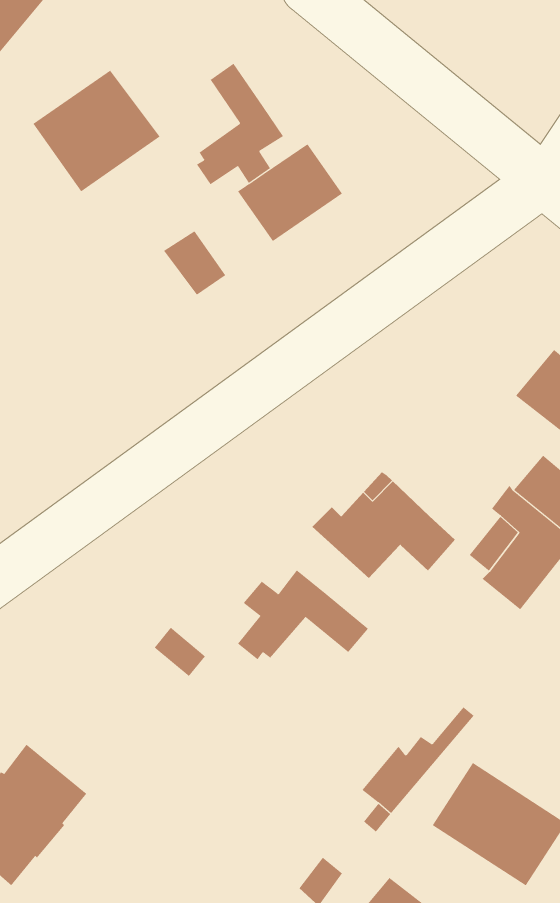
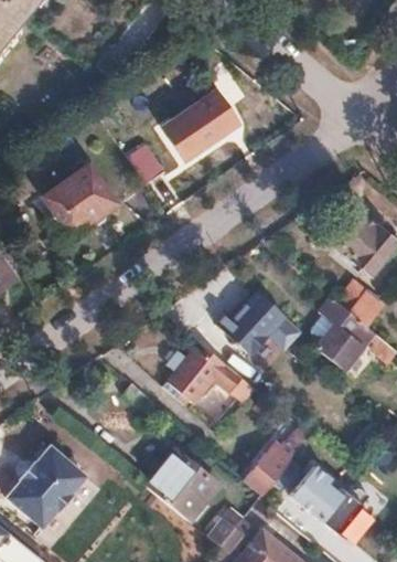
building: [196,63,284,185] -> none
building: [33,70,160,192] -> [43,163,119,236]
building: none -> [146,450,218,521]

